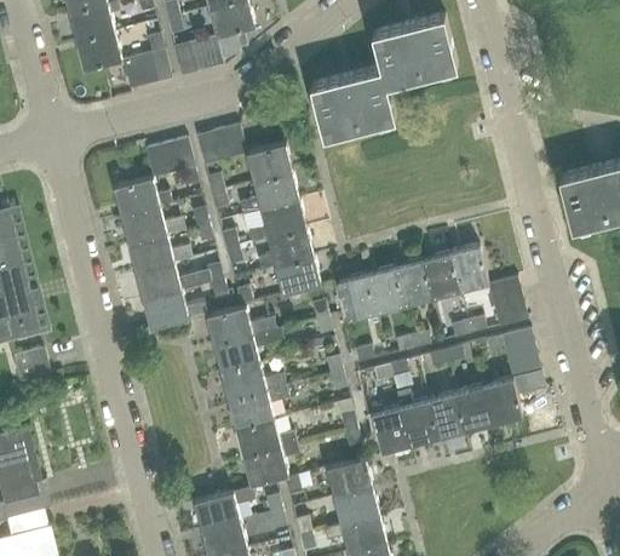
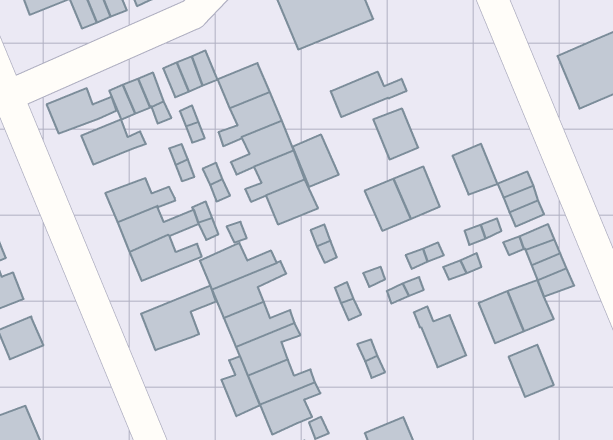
building: none -> [331,72,406,117]
building: [121,205,184,242] -> [47,88,116,133]
building: [423,253,460,298] -> [373,109,418,159]
building: [338,274,377,320] -> [292,135,339,187]
building: none -> [141,286,216,350]
building: [427,391,465,437] -> [509,345,554,397]
building: [371,406,409,452] -> none
building: none -> [221,356,260,416]
building: [327,457,372,495] -> none

